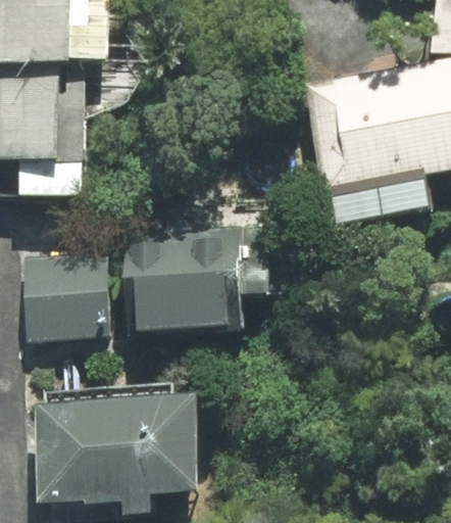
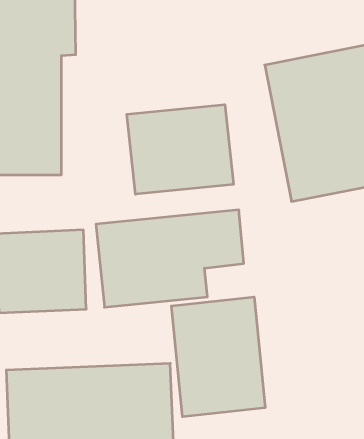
building: none -> [127,105,233,194]
building: none -> [171,297,265,417]

